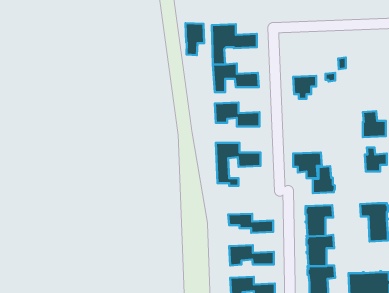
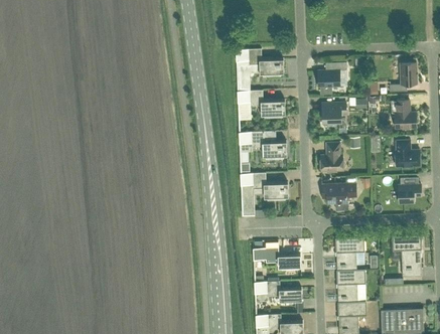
building: [186,23,204,55] -> none
building: none -> [318,61,347,93]
building: none -> [390,61,417,92]
building: none -> [395,100,417,127]
building: [313,166,335,193] -> [321,142,344,170]

